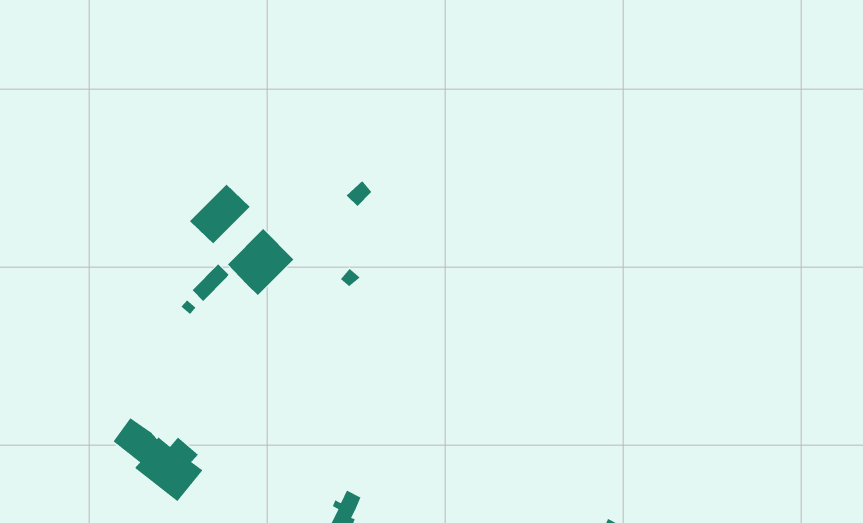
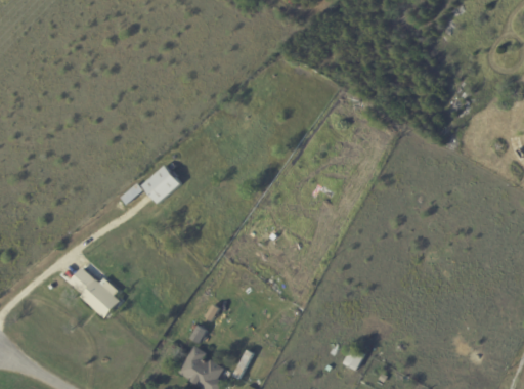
building: [189,184,250,244] -> none

